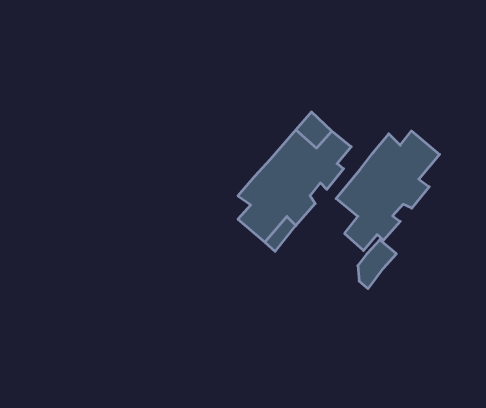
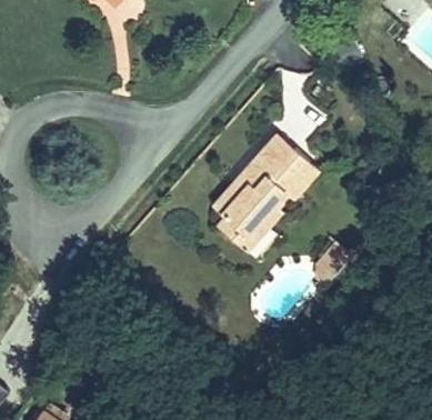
building: [336,131,440,251] -> none

